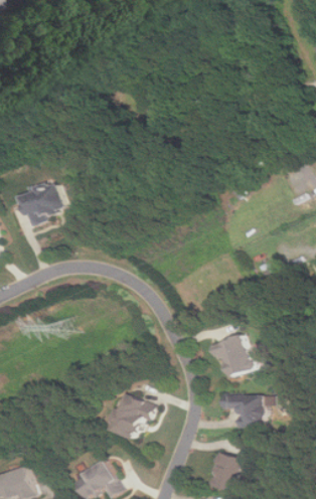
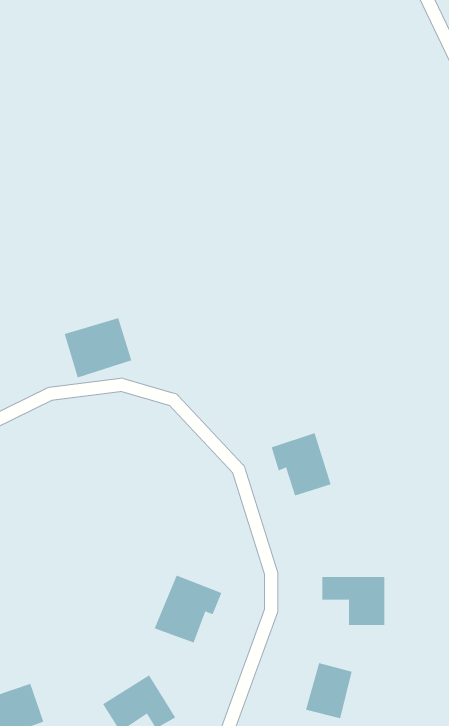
building: [18,181,64,222] -> [64,317,132,378]
building: [211,333,253,376] -> [271,432,332,496]

